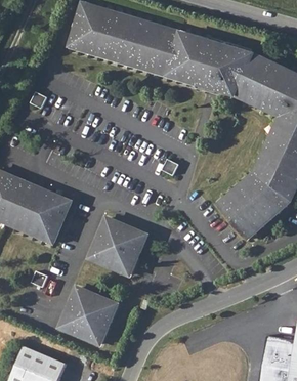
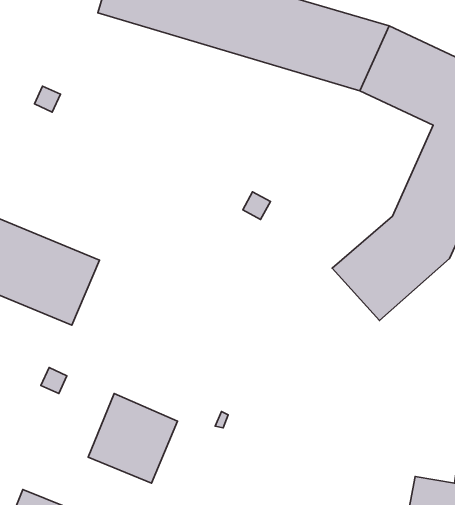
building: [92,216,148,272] -> none

